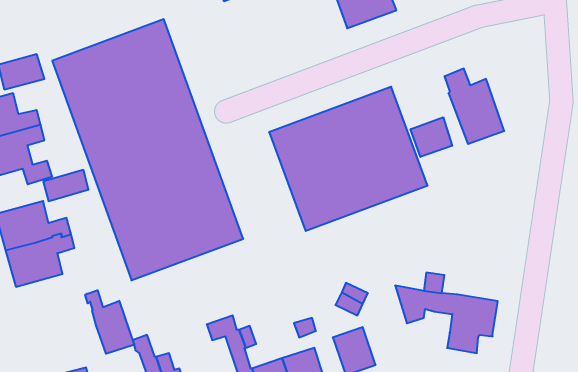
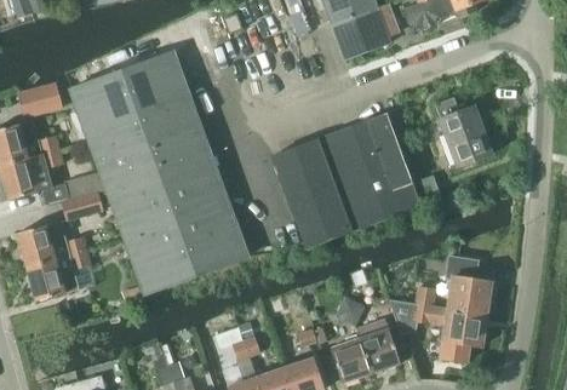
building: [411,117,452,157] -> none
building: none -> [446,257,489,314]
building: [85,290,134,354] -> none
building: none -> [355,319,400,373]

